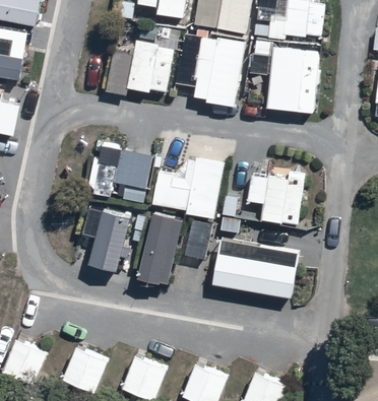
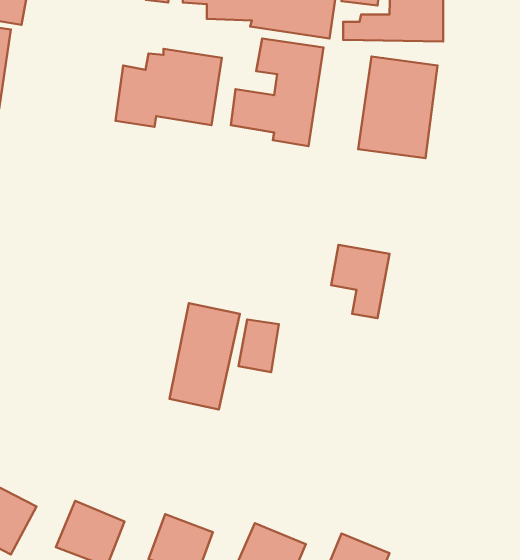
building: [85,139,155,203] -> none
building: [153,155,224,221] -> none
building: [87,212,129,269] -> none
building: [210,242,296,295] -> none

